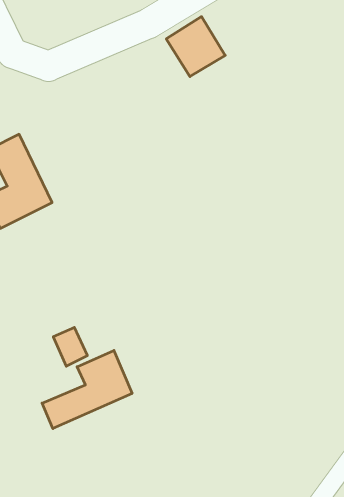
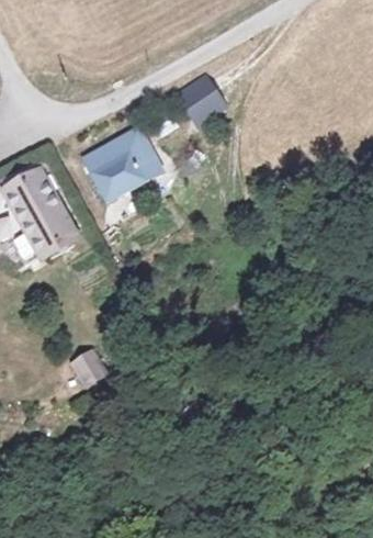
building: none -> [82,137,161,203]
building: [42,350,132,429] -> none

